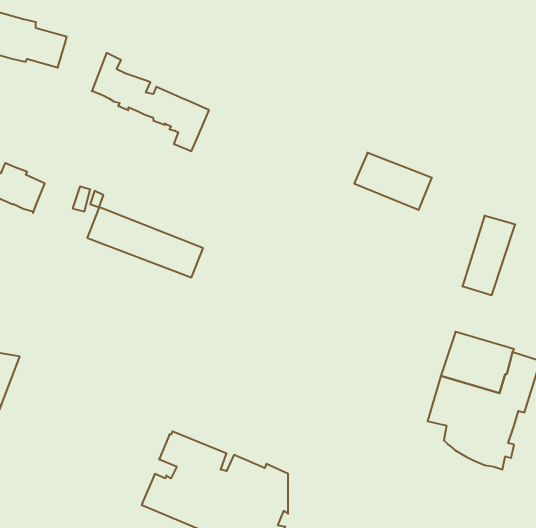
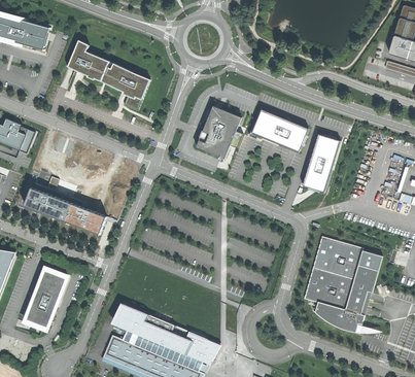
building: none -> [195,106,240,159]
building: [87,207,203,277] -> [21,186,102,236]
building: [462,216,515,295] -> [303,135,340,191]
building: none -> [25,270,66,329]

